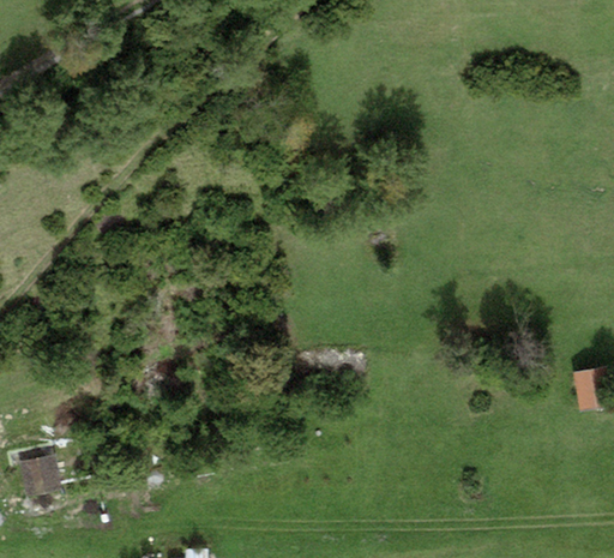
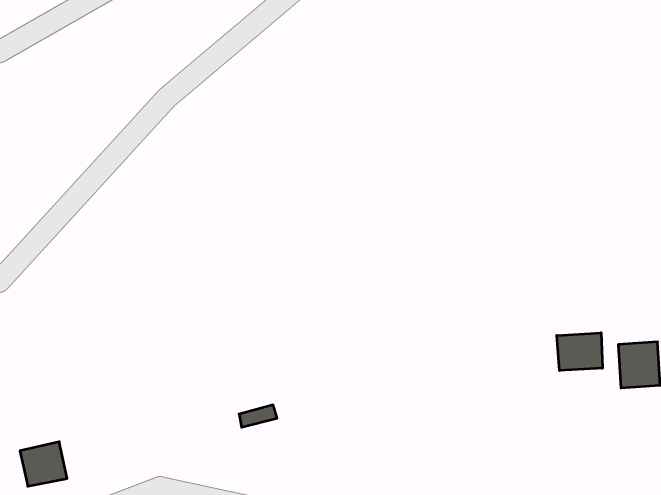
building: none -> [557,333,602,371]

